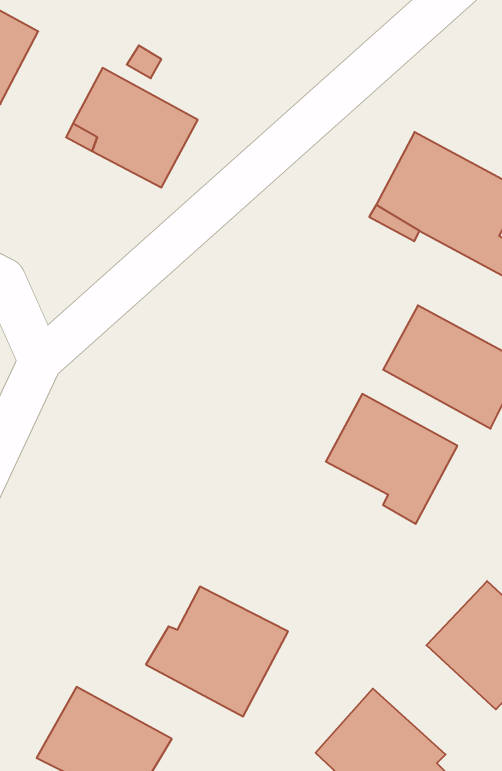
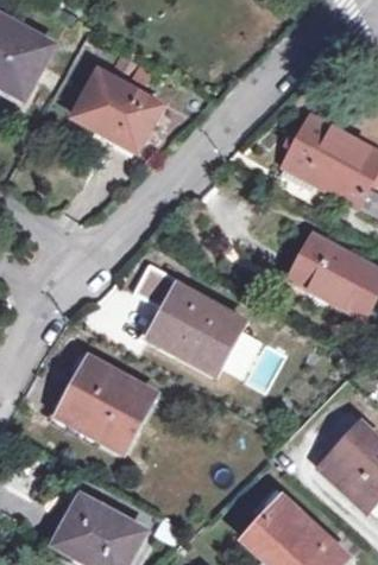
building: [326,394,457,524] -> [152,284,242,373]
building: [146,587,288,717] -> [56,361,153,450]

